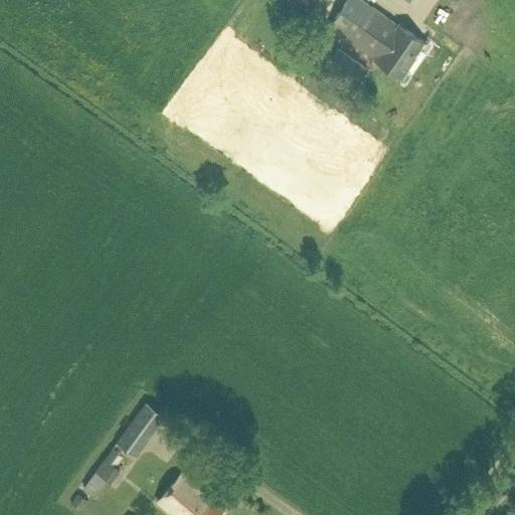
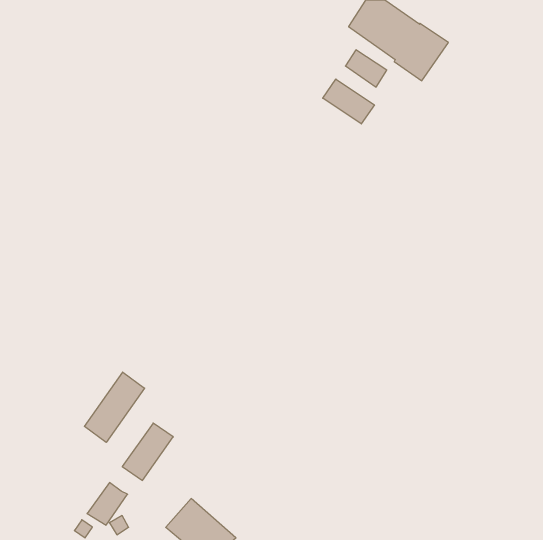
building: none -> [323,79,374,124]
building: none -> [84,372,145,442]

